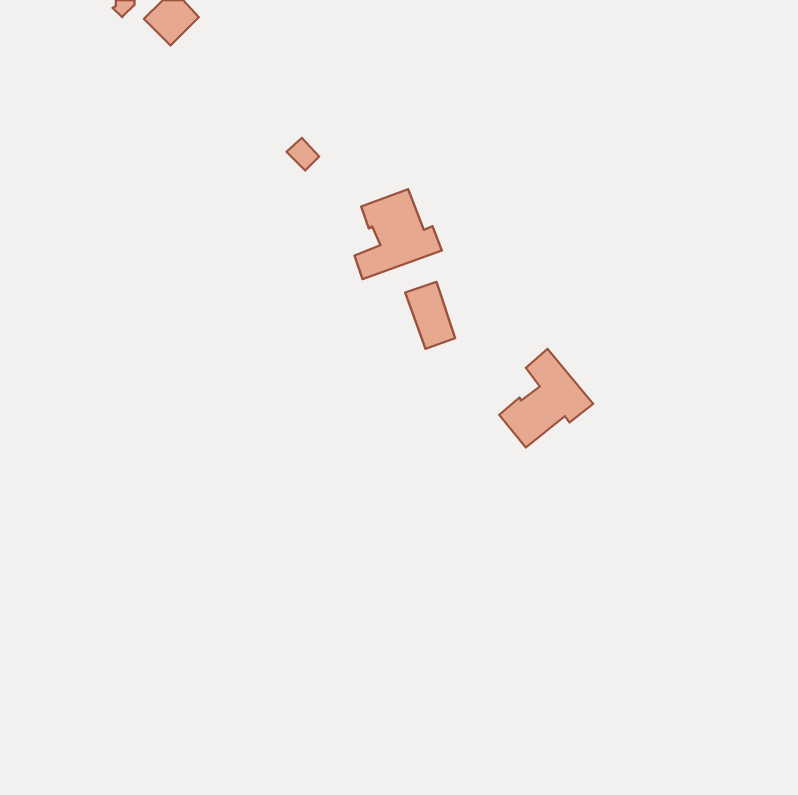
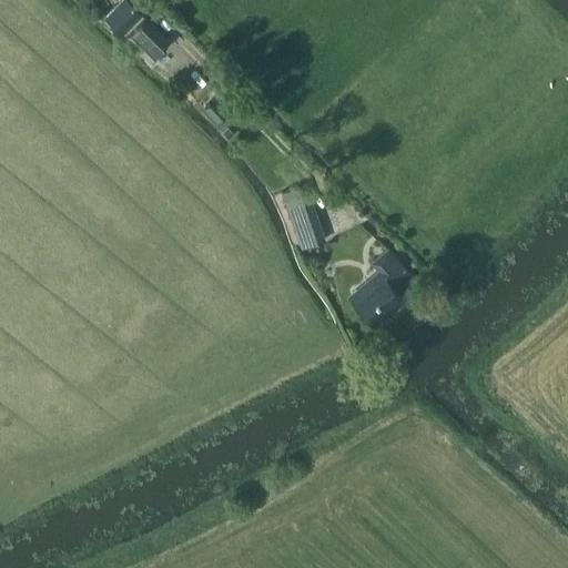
building: none -> [122,17,169,63]
building: [355,189,442,279] -> none

